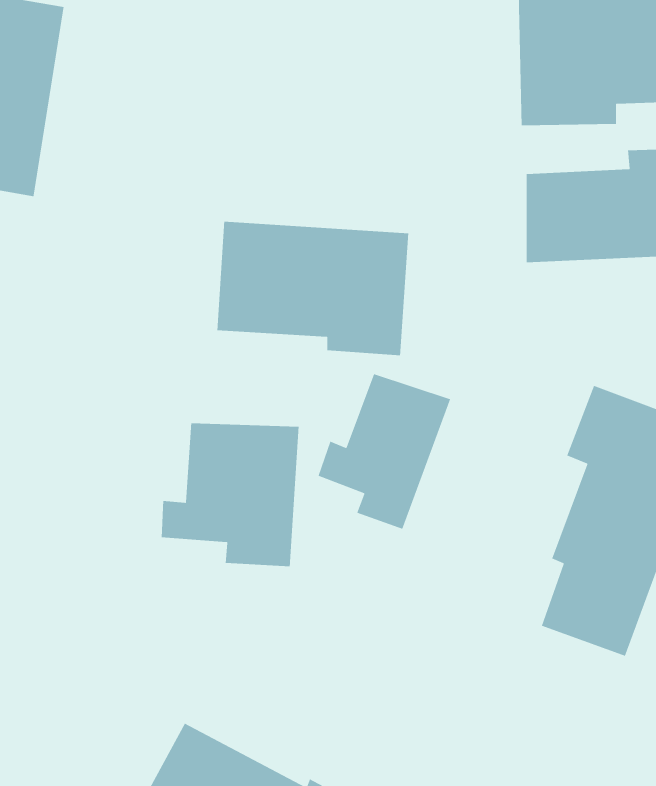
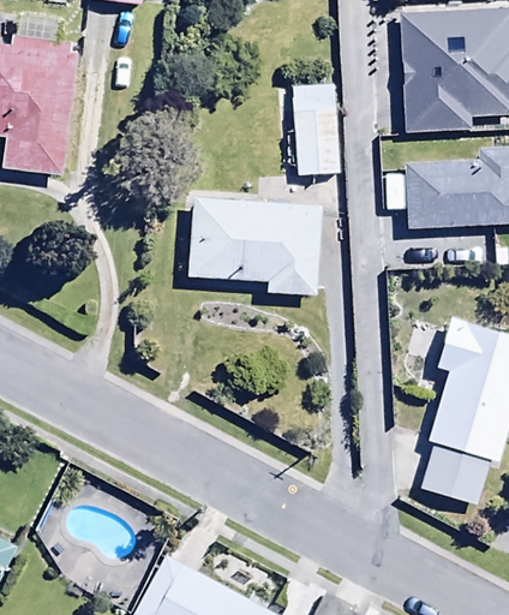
building: none -> [291,84,342,175]
building: [317,373,451,530] -> none
building: [161,422,300,567] -> none

